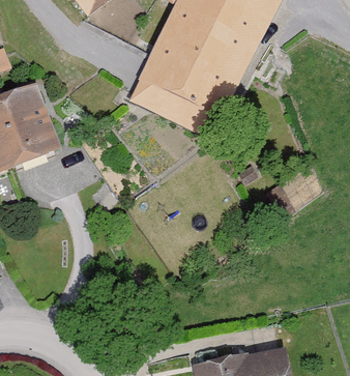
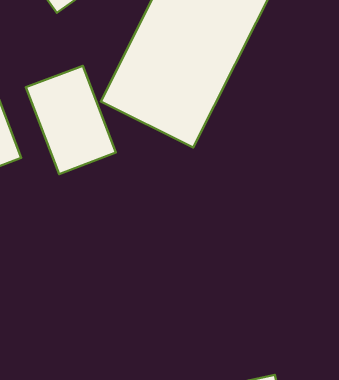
building: none -> [26,66,116,174]

